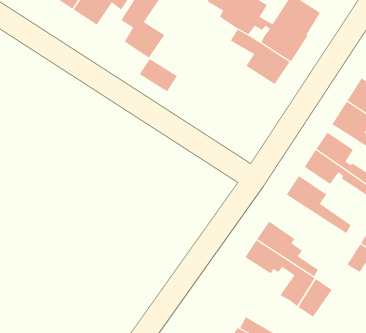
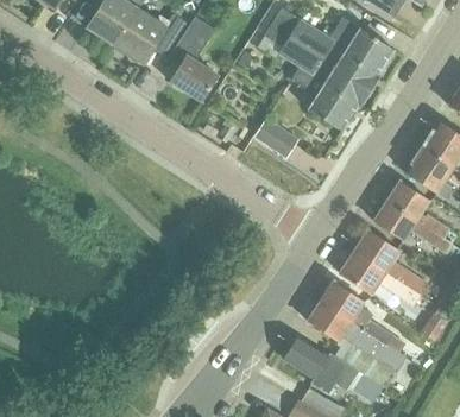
building: [139,58,178,92] -> [253,118,297,156]
building: none -> [339,252,421,307]
building: none -> [283,337,357,393]

